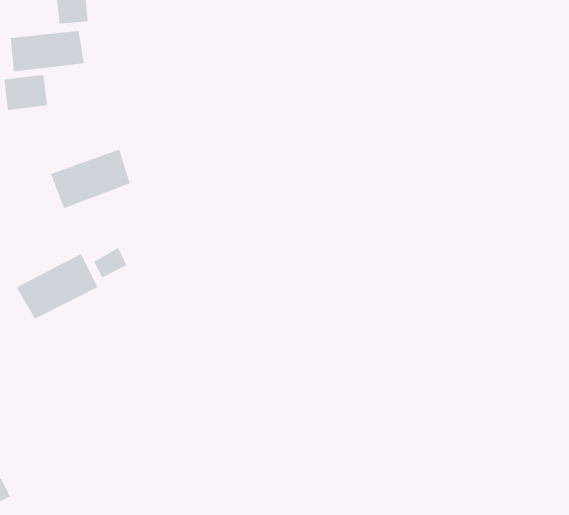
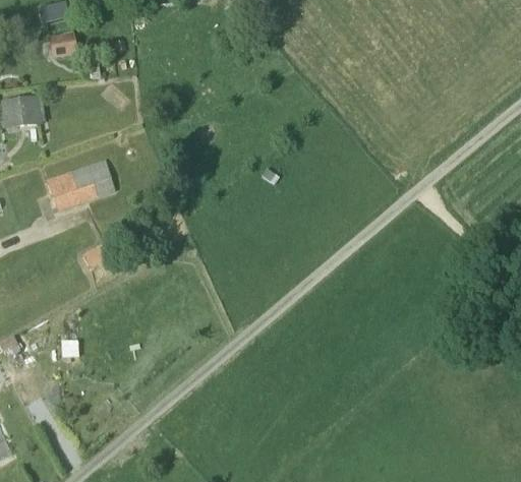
building: [10,30,85,72] -> none
building: [16,253,98,320] -> none

